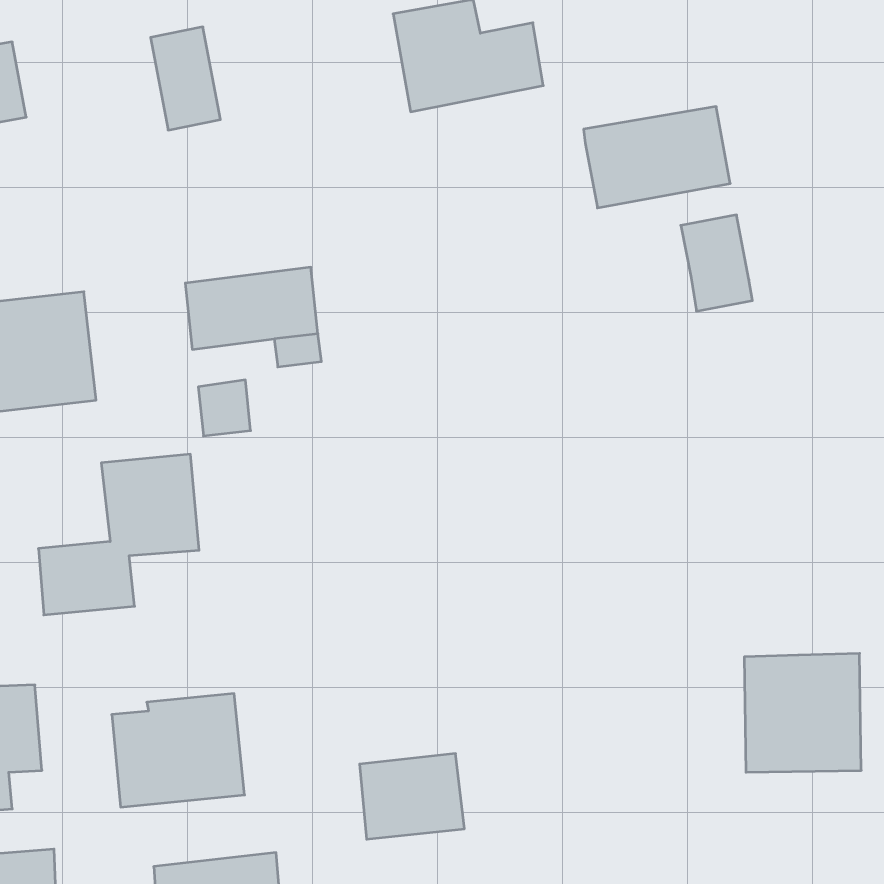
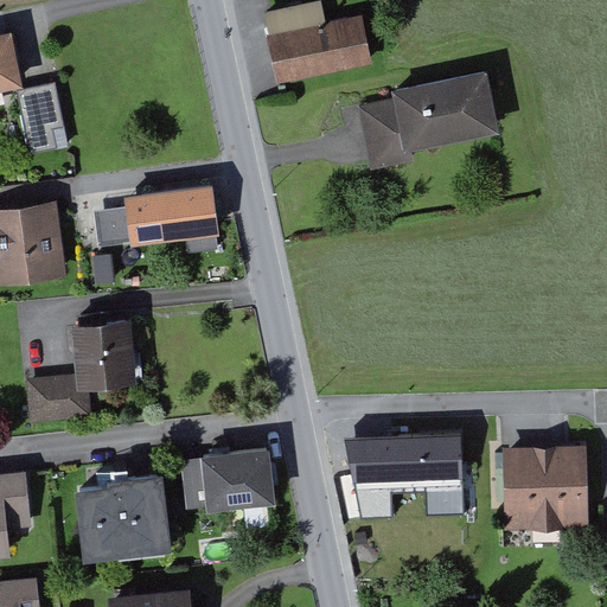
building: [151,27,220,130] -> [19,87,66,156]
building: [681,215,752,311] -> [359,103,408,168]
building: [198,380,251,436] -> [95,209,130,247]
building: none -> [334,432,469,519]
building: [360,754,464,839] -> [200,452,271,510]

